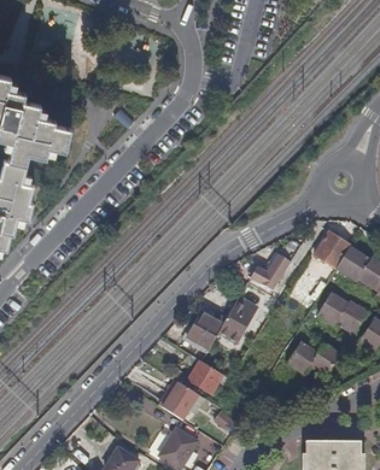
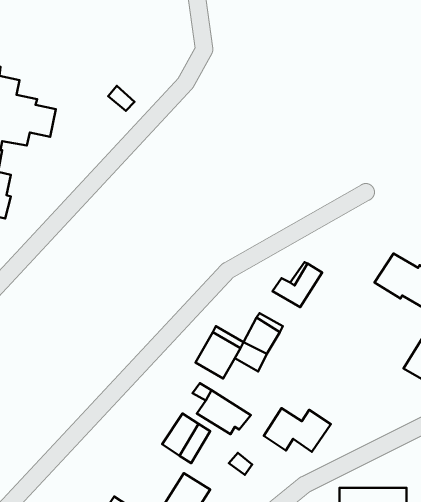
building: [312,233,350,270] -> none
building: [316,293,368,335] -> none
building: [286,341,341,377] -> [264,408,331,452]

